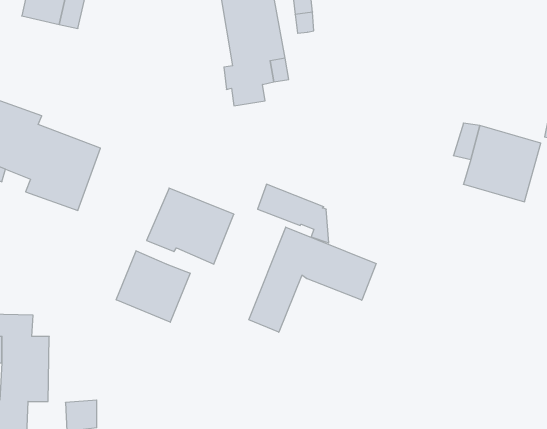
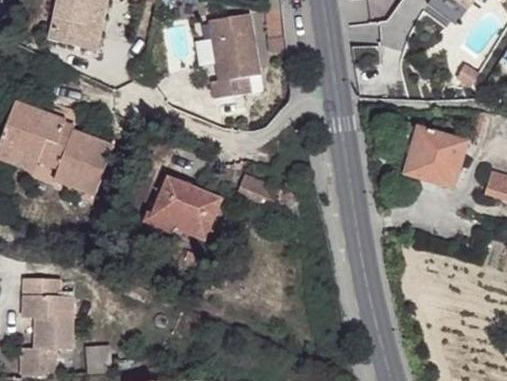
building: [249,227,376,332] -> none
building: [116,251,190,322] -> none

